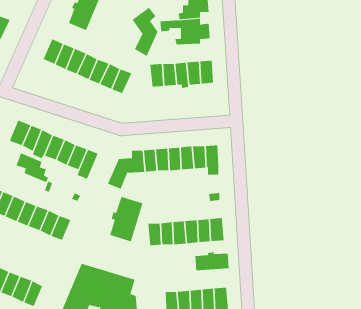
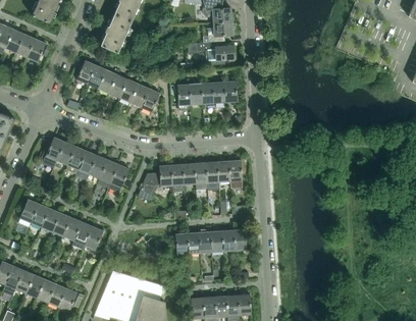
building: [132,7,158,57] -> none
building: [16,152,49,183] -> none
building: [109,196,143,242] -> none
building: [195,252,229,271] -> none

